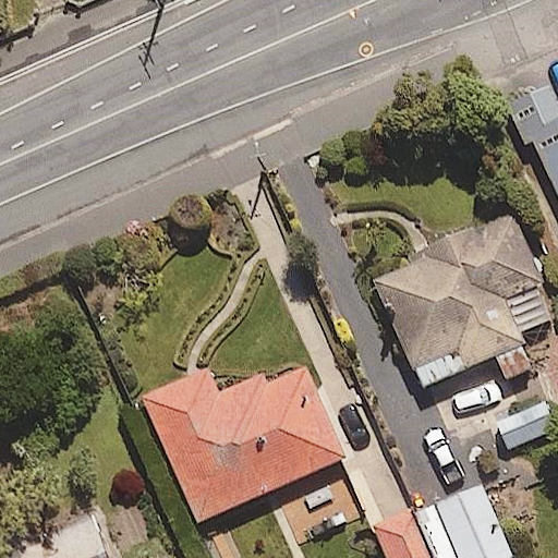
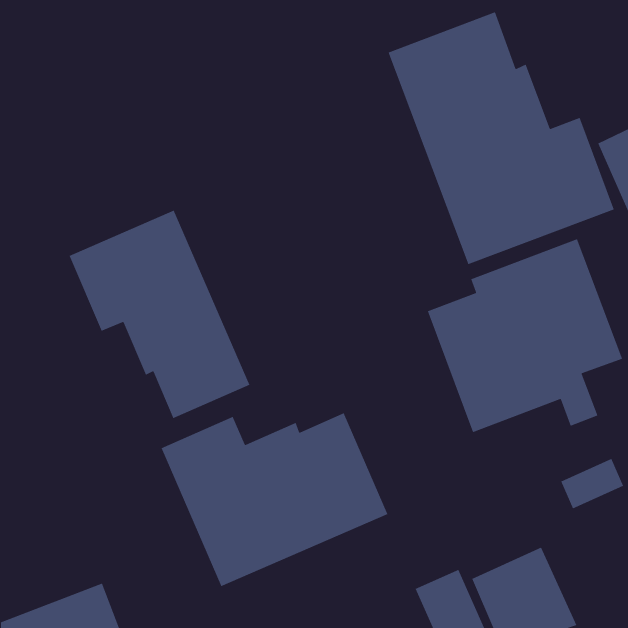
building: none -> [387,11,615,265]
building: none -> [68,210,250,419]

